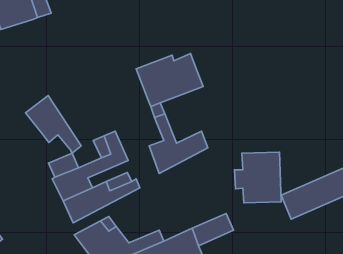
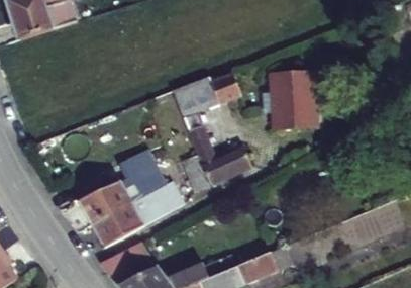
building: [25,95,81,153] -> none
building: [235,152,281,203] -> [265,76,316,131]

